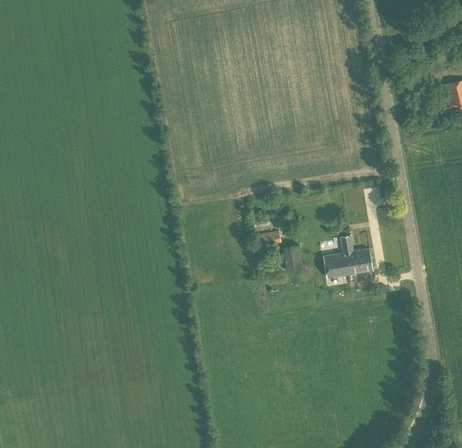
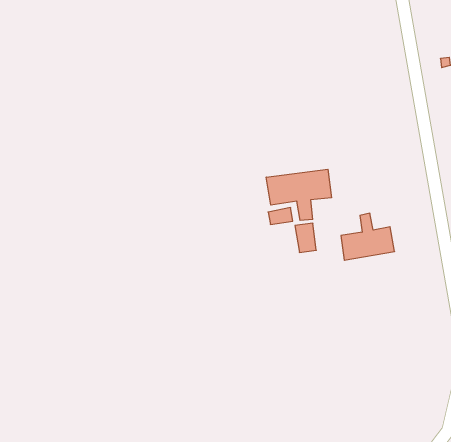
building: none -> [266,169,331,220]

